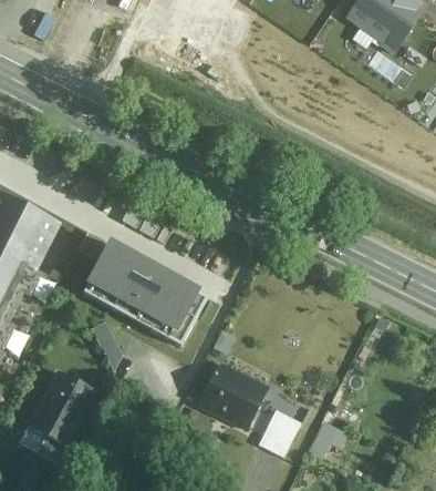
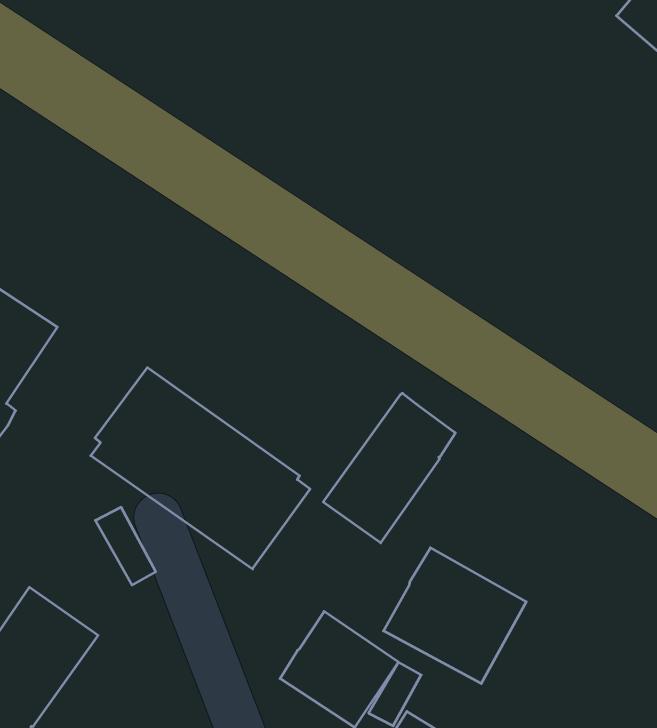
building: none -> [323,393,455,543]
building: none -> [383,548,526,684]

